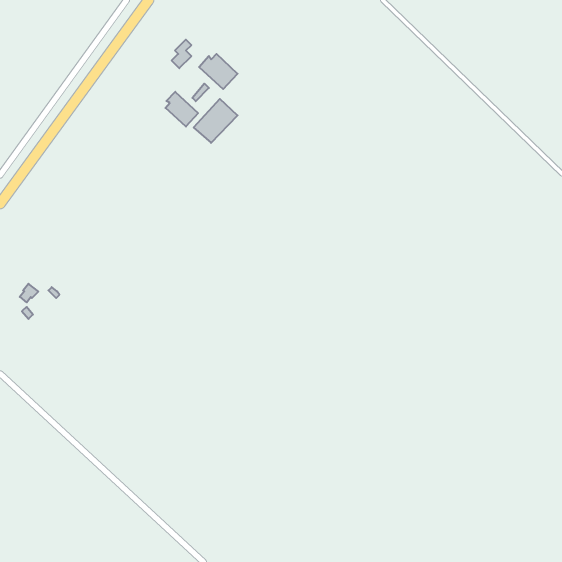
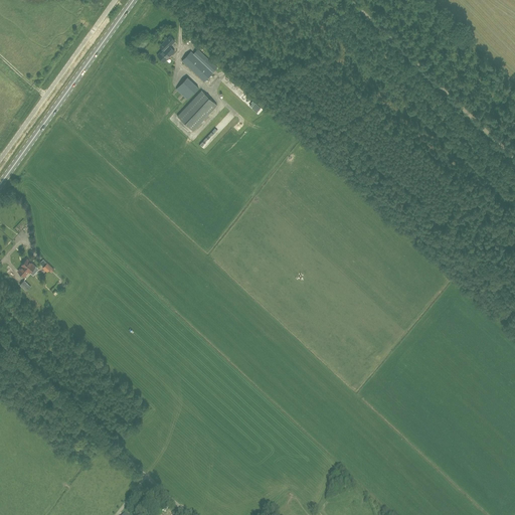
building: [165,92,198,127] -> none

